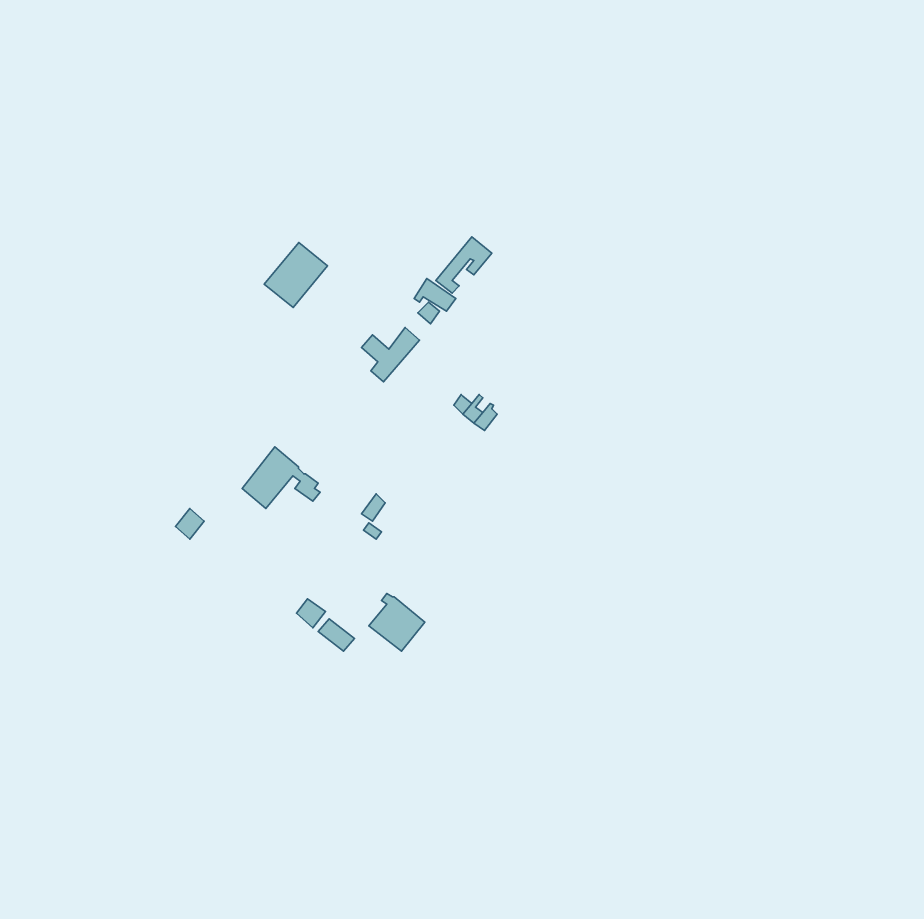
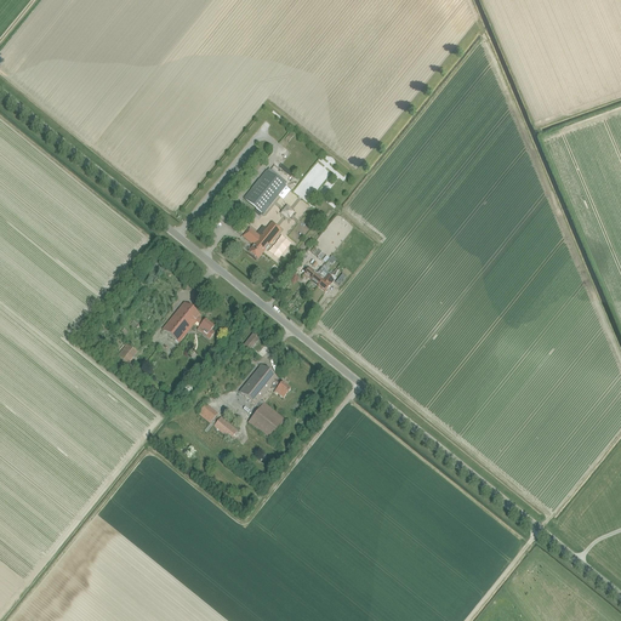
building: [264,242,328,308] -> [244,167,286,211]
building: none -> [239,363,291,403]

